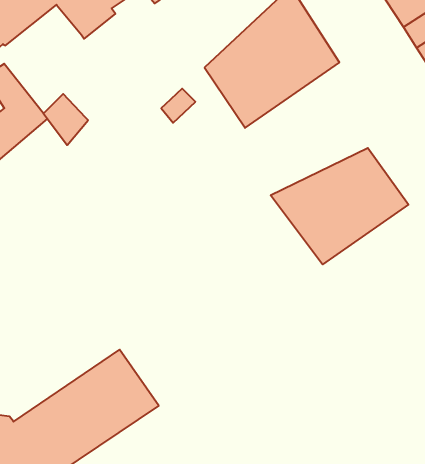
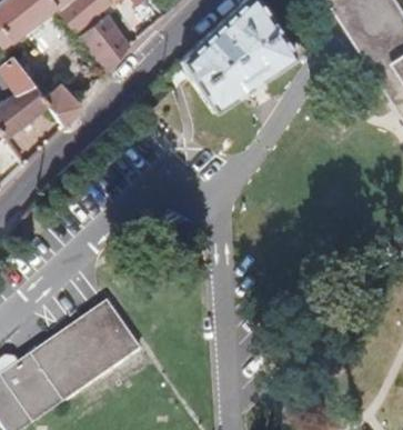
building: none -> [75,13,128,71]
building: [271,148,408,264] -> none

